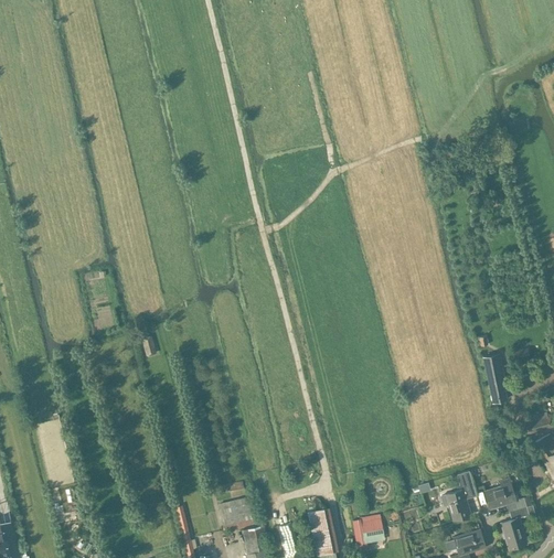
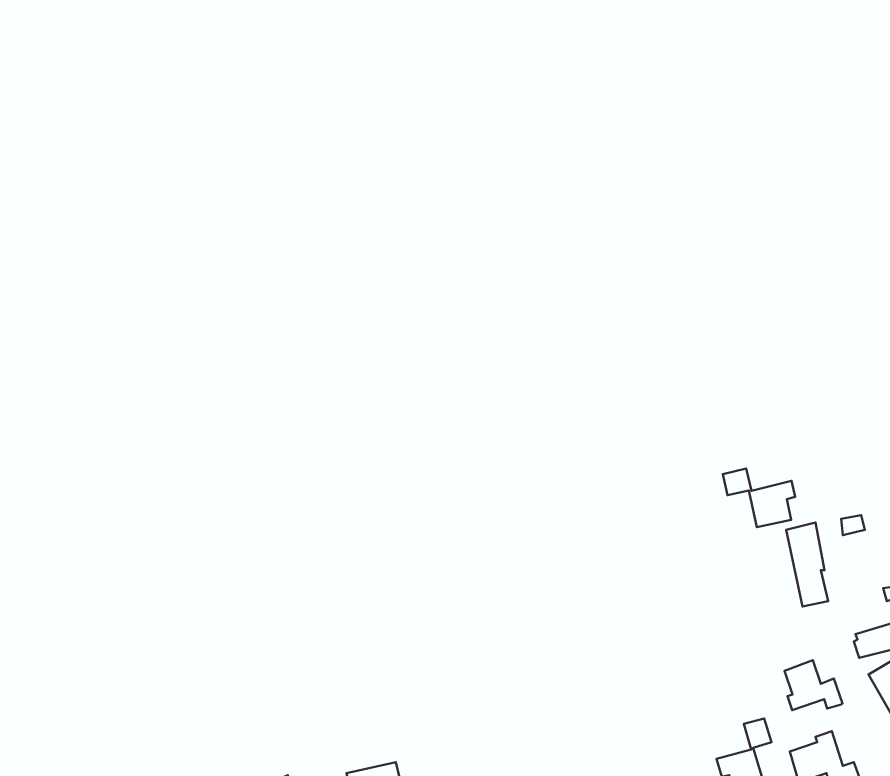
building: none -> [723,469,795,527]
building: none -> [785,660,843,710]

